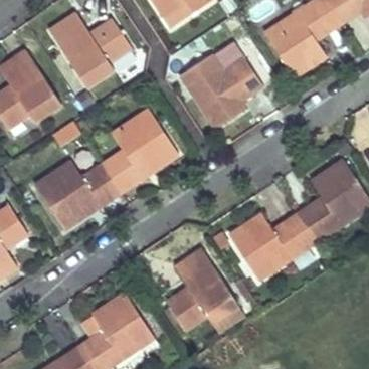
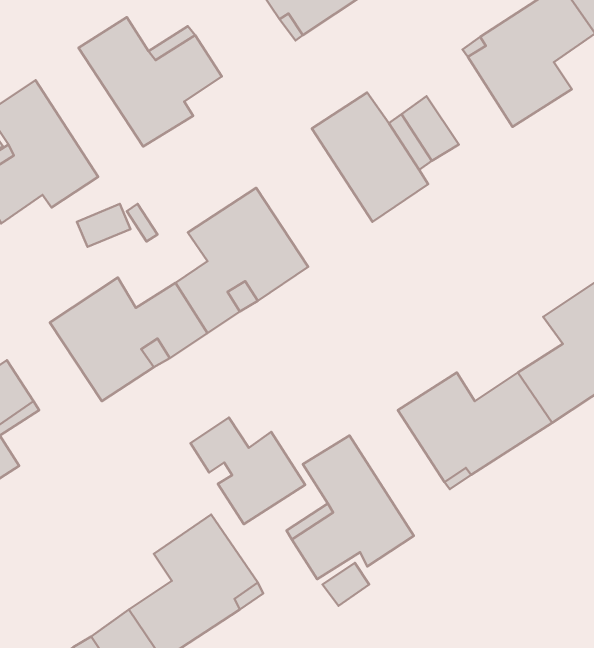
building: none -> [190,418,305,524]

